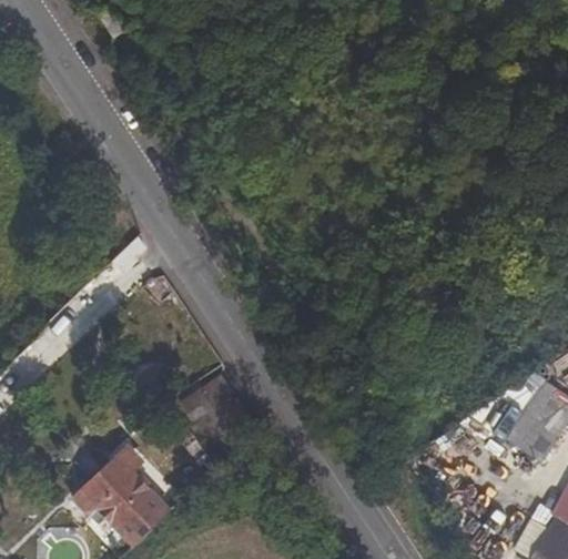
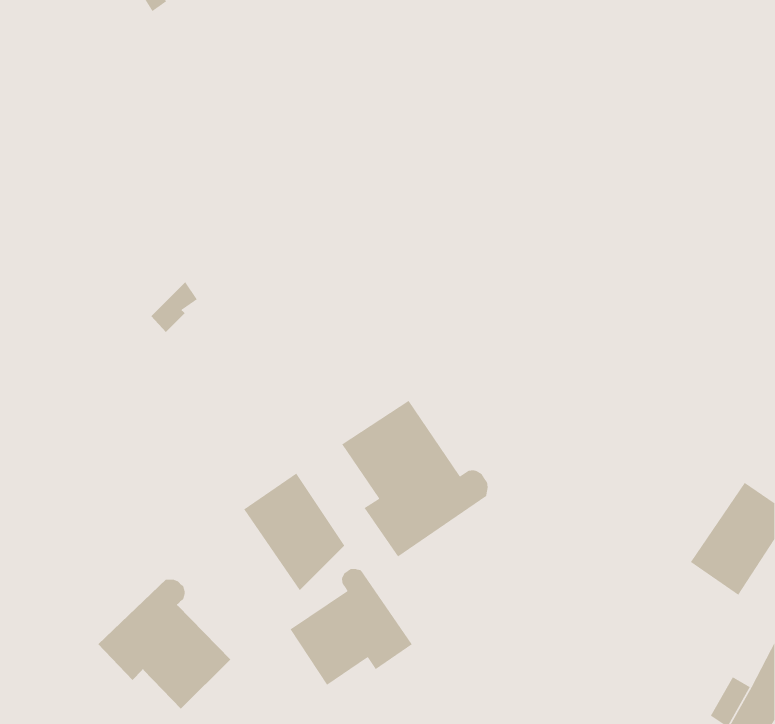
building: none -> [341,400,489,558]
building: none -> [290,568,413,686]

